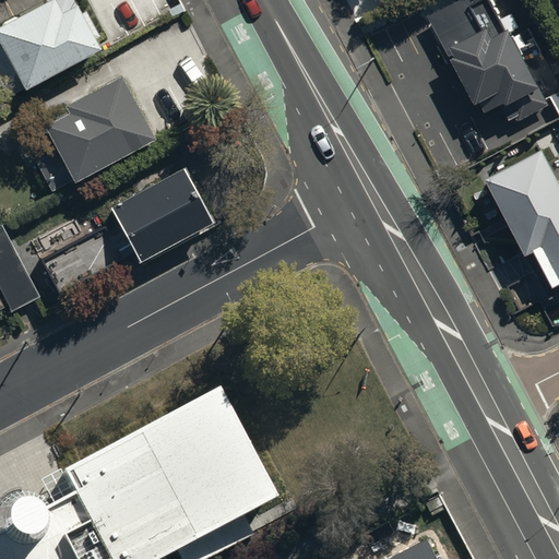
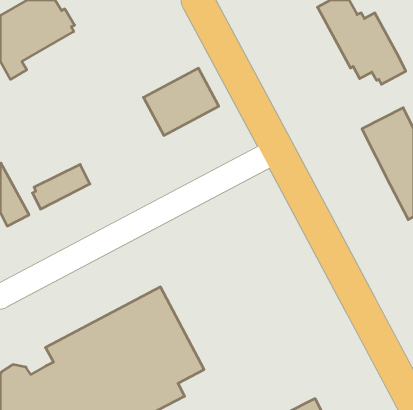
building: [38,75,152,194] -> none
building: [110,168,212,259] -> [143,68,219,135]

